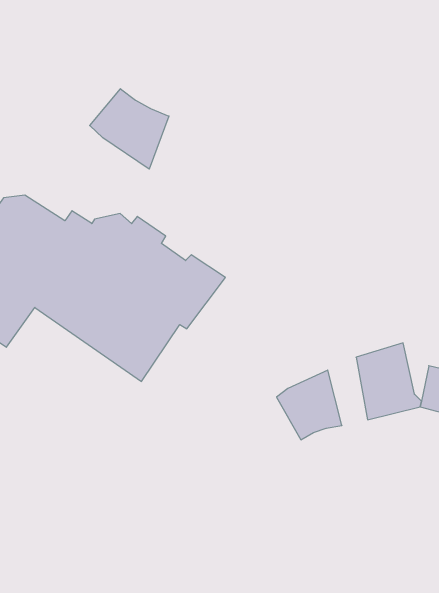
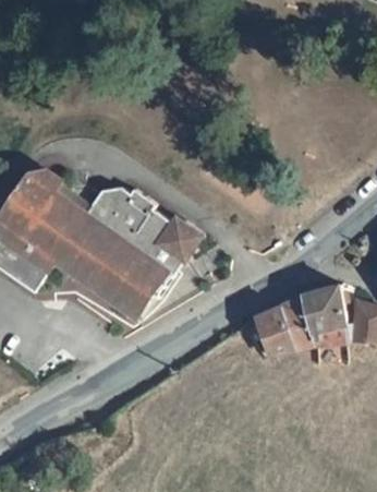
building: [90,89,169,169] -> none
building: none -> [279,299,309,351]

